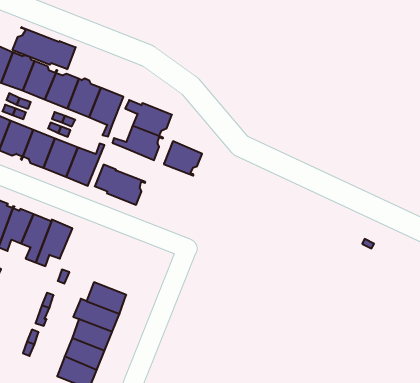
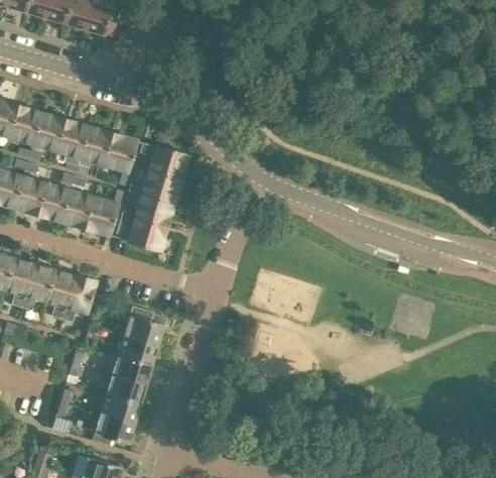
building: [13,27,76,69] -> none
building: [164,141,202,176] -> [135,193,173,226]
building: none -> [123,305,165,344]

